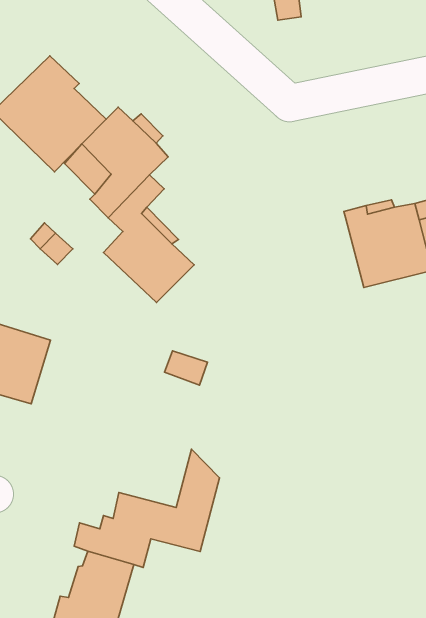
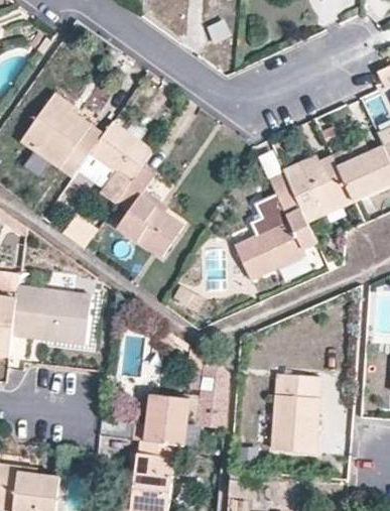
building: none -> [234,174,315,279]
building: none -> [271,374,319,453]

